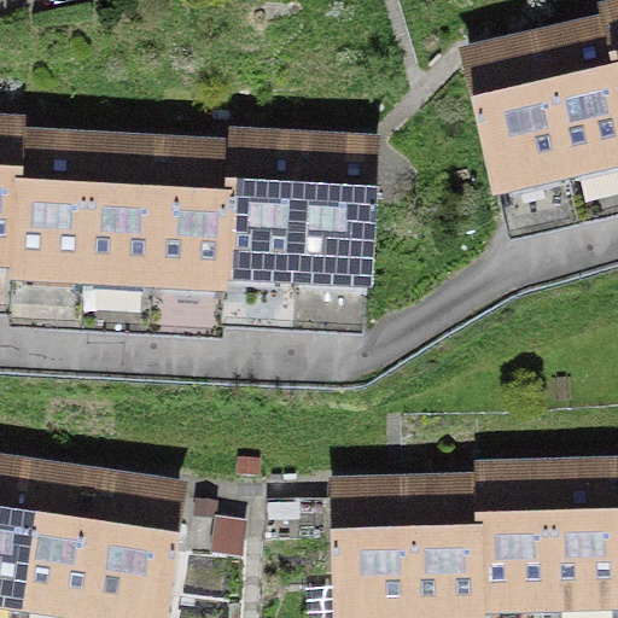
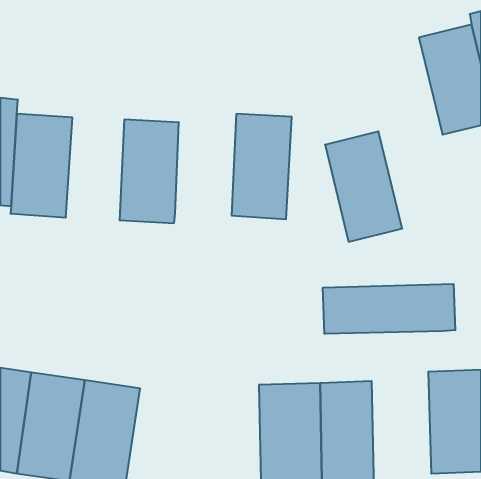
building: [468,51,567,192] -> [325,132,402,242]
building: [225,145,303,279] -> none
building: [84,153,159,285] -> none
building: none -> [323,284,455,334]
building: [477,479,553,612] -> none

